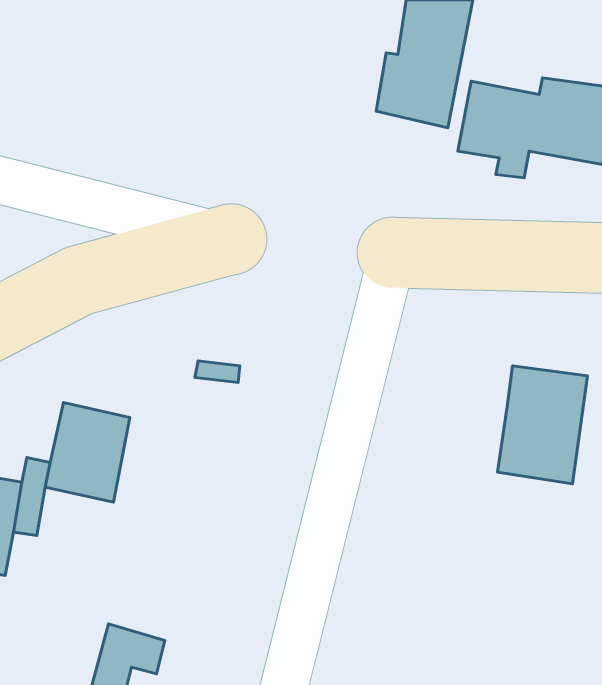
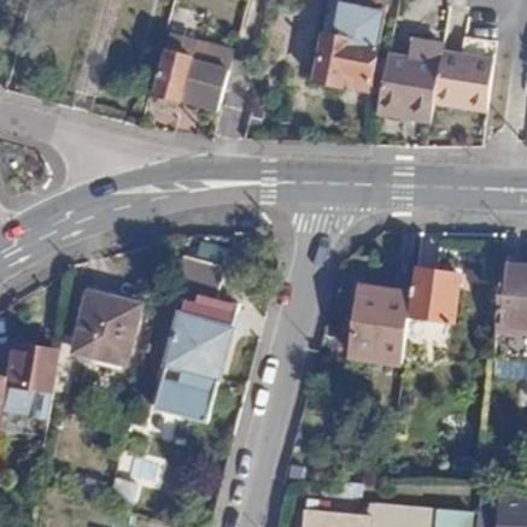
building: none -> [150,36,224,106]
building: none -> [349,286,409,361]
building: none -> [153,294,234,418]

